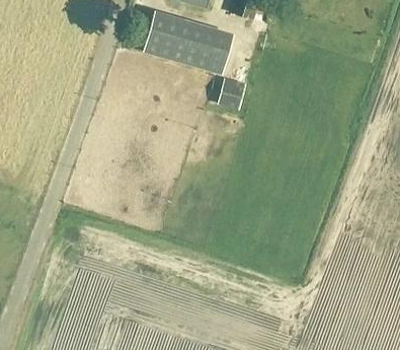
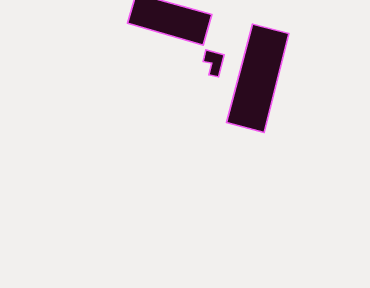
building: none -> [227,24,289,132]

